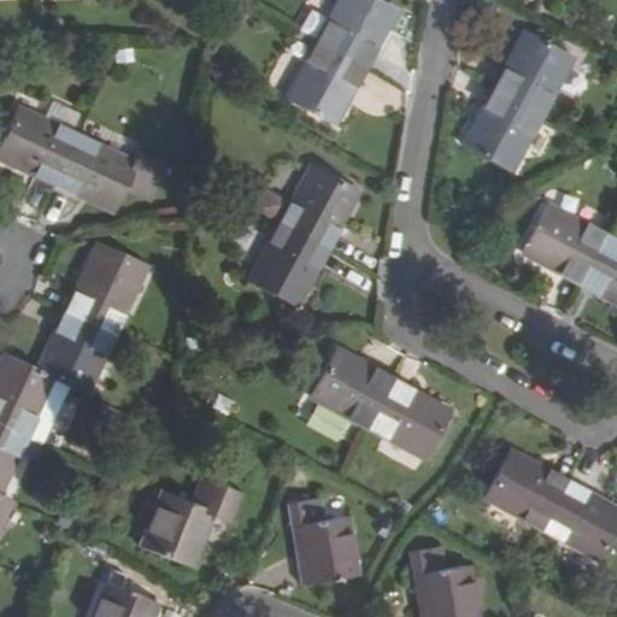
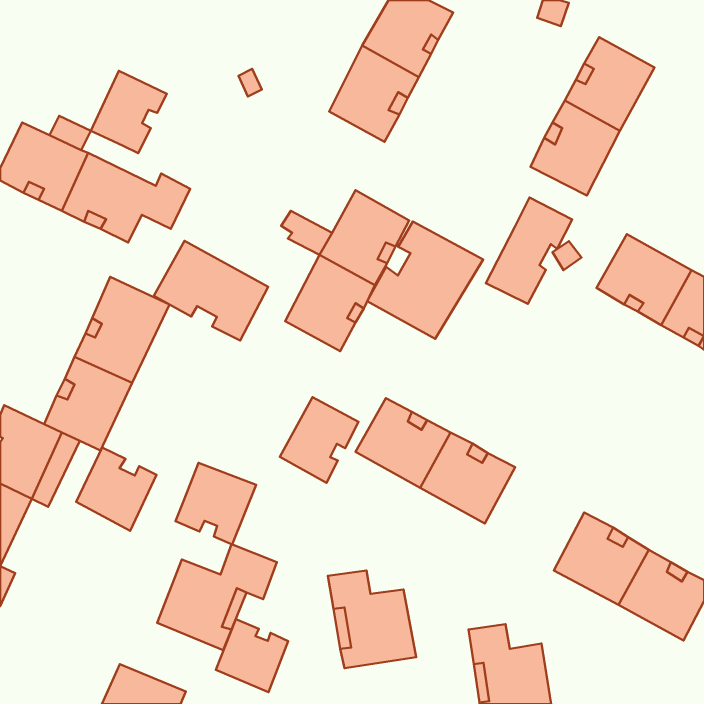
building: none -> [91,71,167,153]
building: none -> [486,198,572,304]
building: none -> [367,221,483,339]
building: none -> [154,241,268,340]
building: none -> [280,397,359,483]
building: none -> [76,447,157,531]
building: none -> [176,463,256,544]
building: none -> [216,619,288,692]

